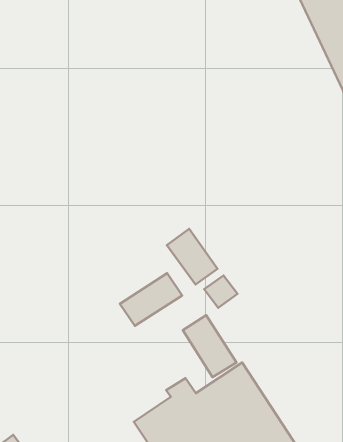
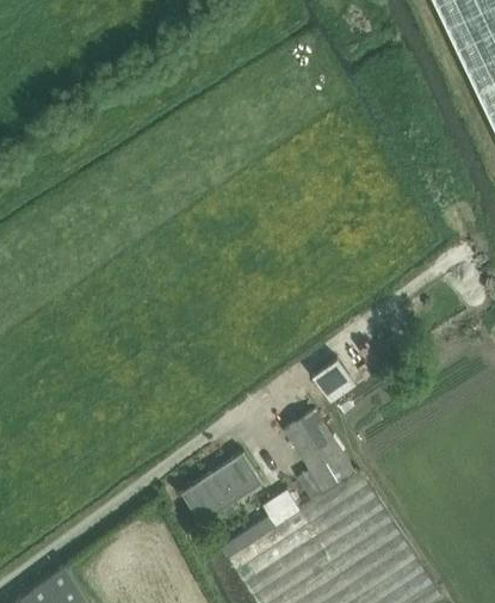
building: [167,229,217,284] -> none
building: [120,273,182,326] -> [182,455,262,523]

